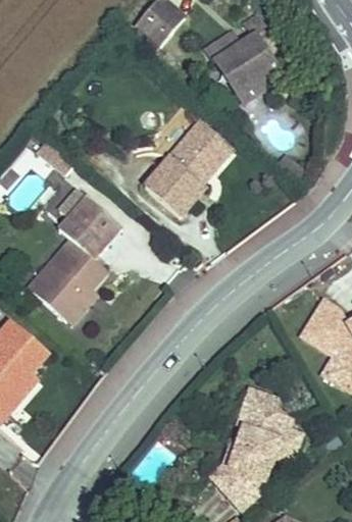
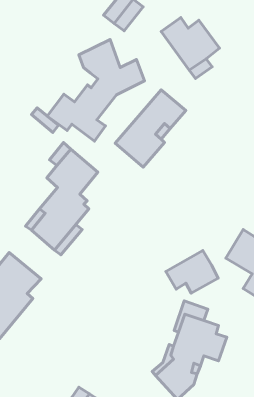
building: none -> [47,39,145,141]
building: none -> [166,251,218,293]

